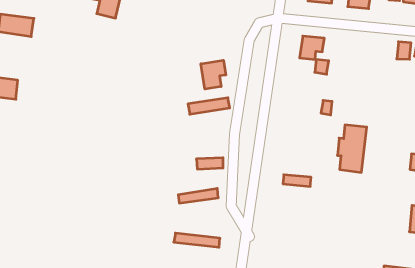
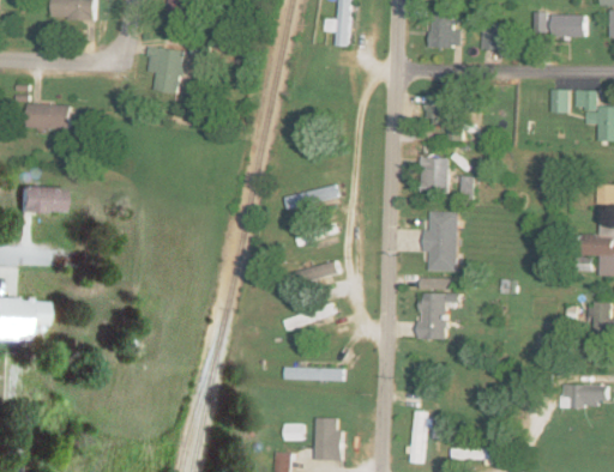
building: [201,60,226,89] -> none
building: none -> [420,157,449,194]
building: [337,125,367,172] -> [422,212,457,272]
building: none -> [417,295,458,339]

